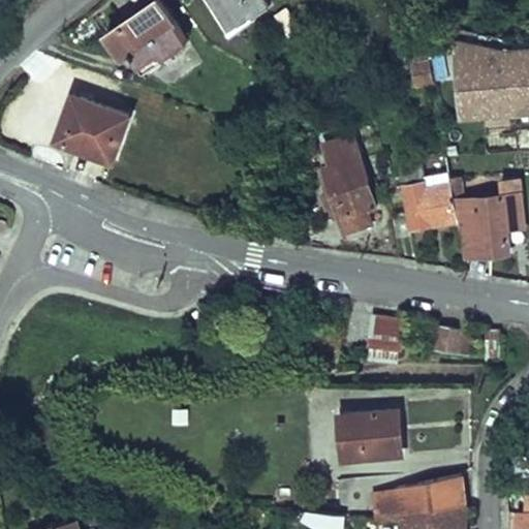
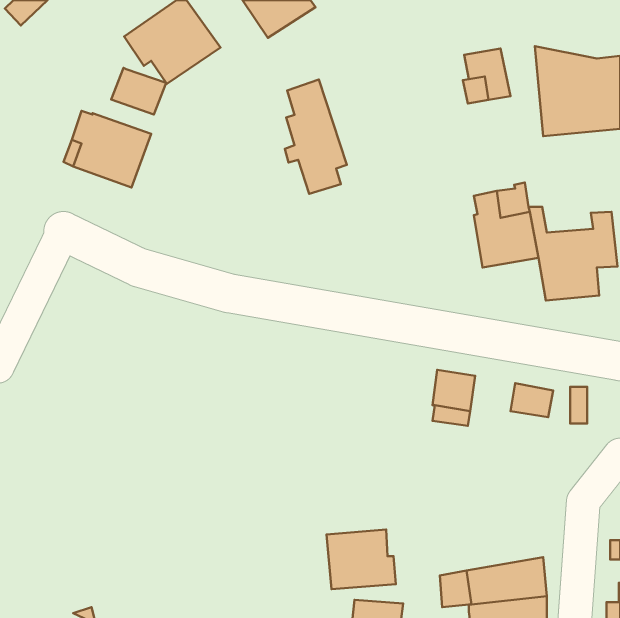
building: none -> [111,68,166,115]
building: [322,136,375,234] -> [285,80,347,194]
building: [340,410,399,461] -> [327,530,396,589]

